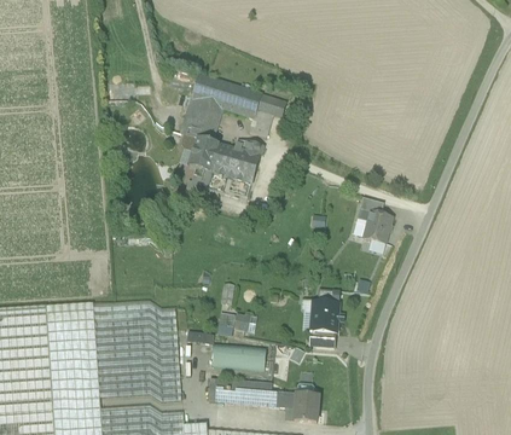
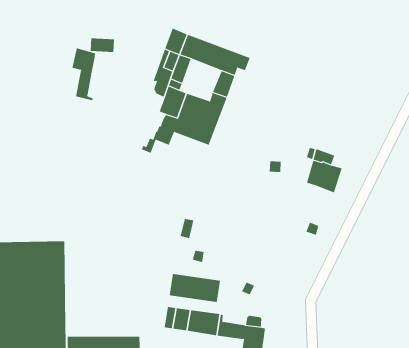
building: none -> [72,48,95,101]
building: [310,298,338,331] -> none
building: [94,306,180,404] -> none

